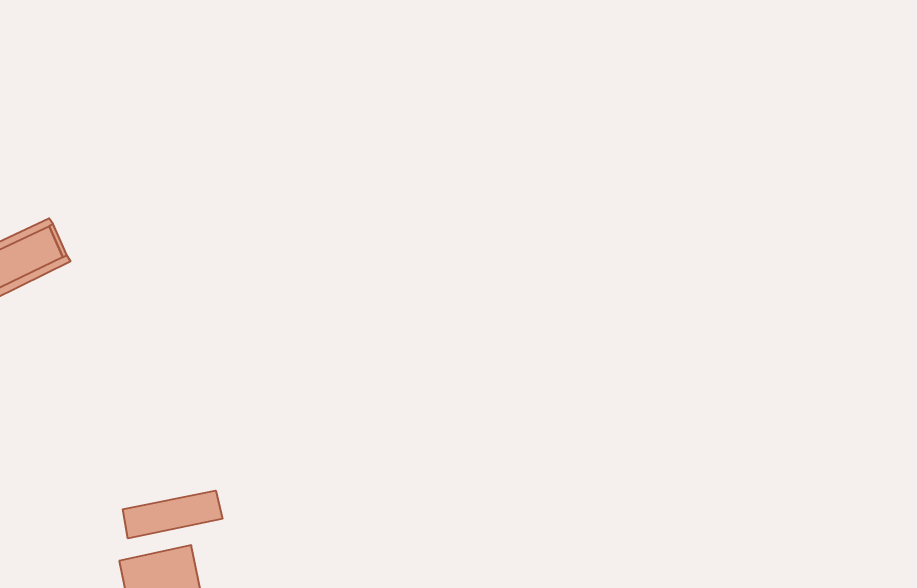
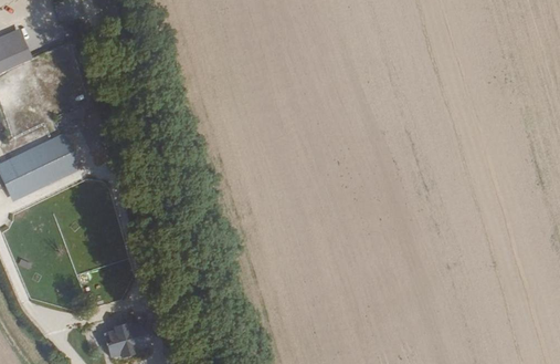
building: [123,491,222,538] -> none

